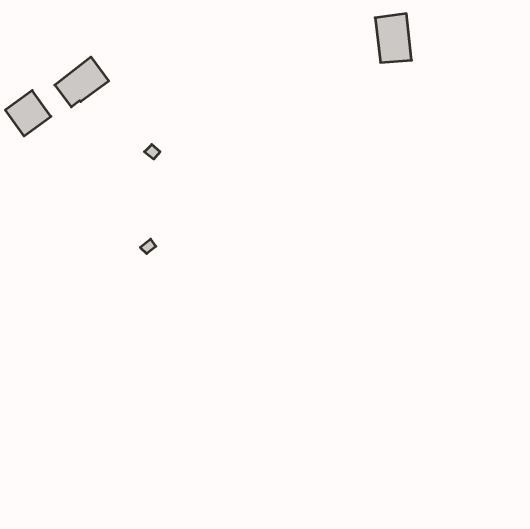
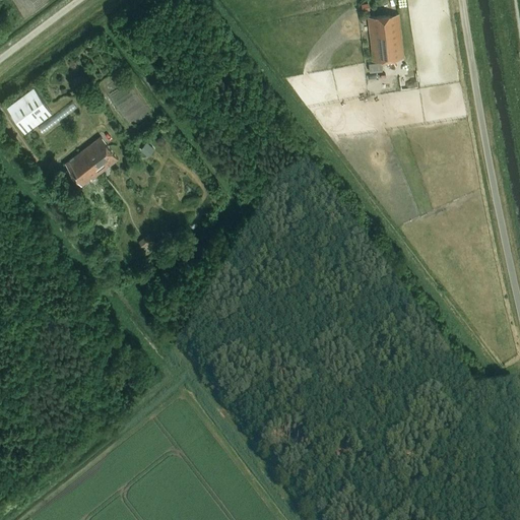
building: [55,57,109,107] -> [64,138,117,187]

